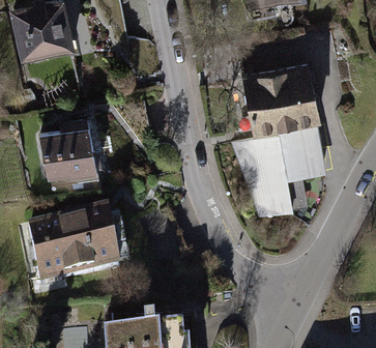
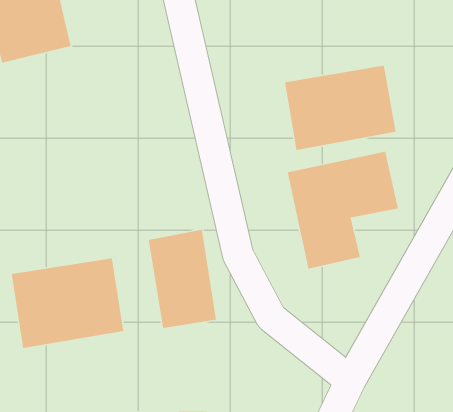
building: [39,118,96,172] -> none
building: none -> [148,229,217,329]

